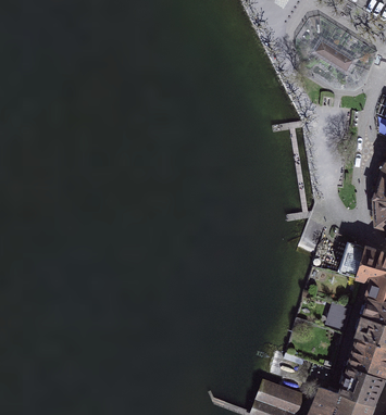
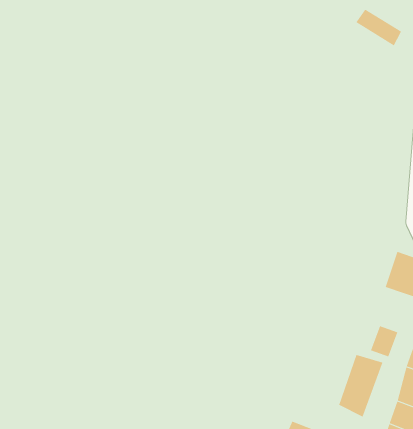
building: none -> [338,354,383,417]

